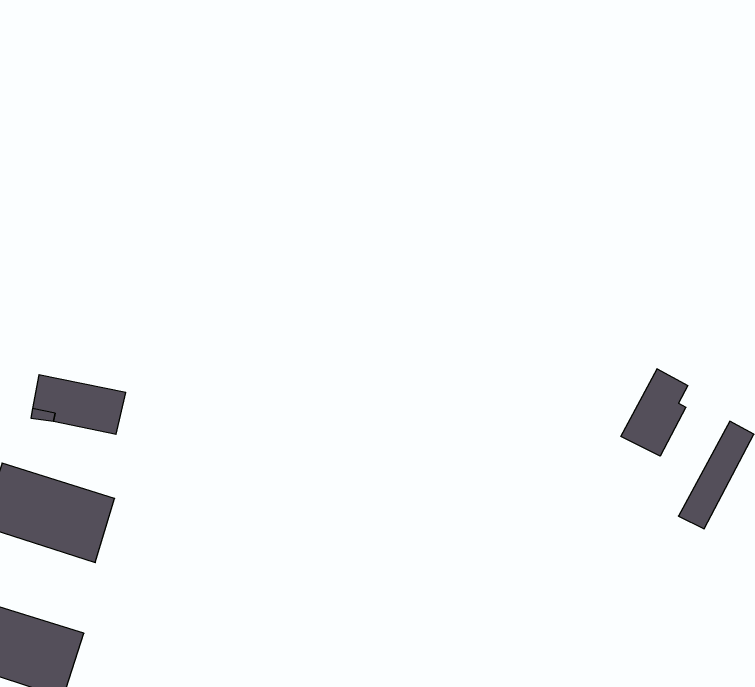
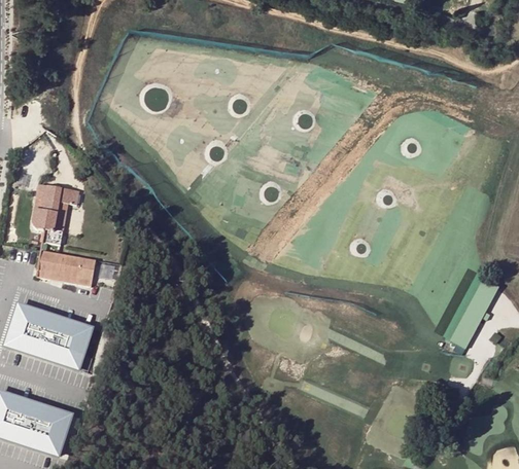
building: none -> [32,184,80,244]
building: [621,369,688,456] -> none

